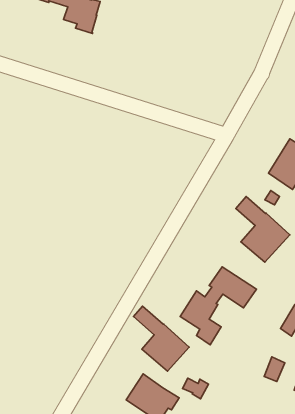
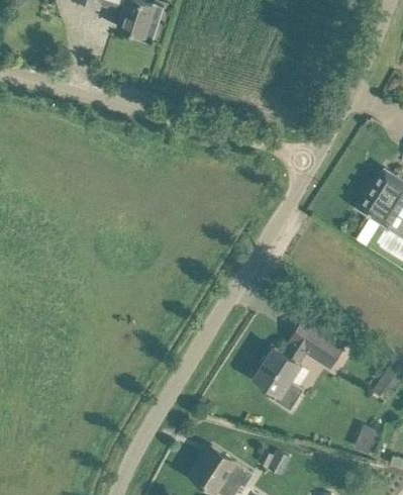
building: [236,197,290,262] -> none
building: [133,306,189,371] -> none

